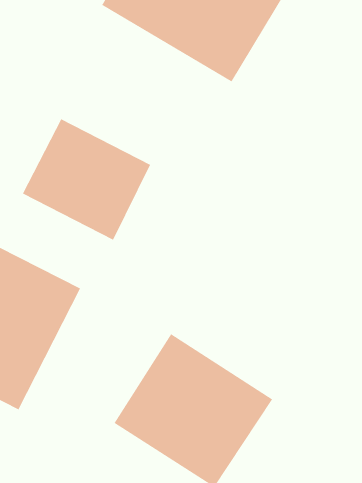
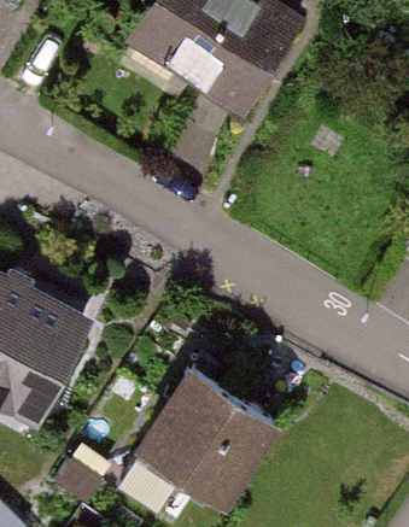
building: [22,118,151,241] -> none

